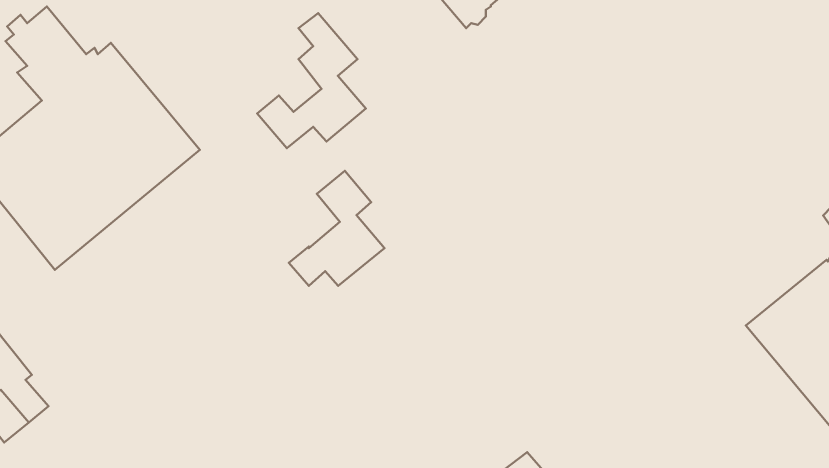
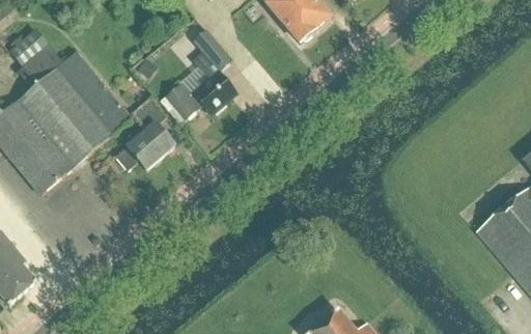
building: [289,171,384,286] -> [114,96,174,169]

